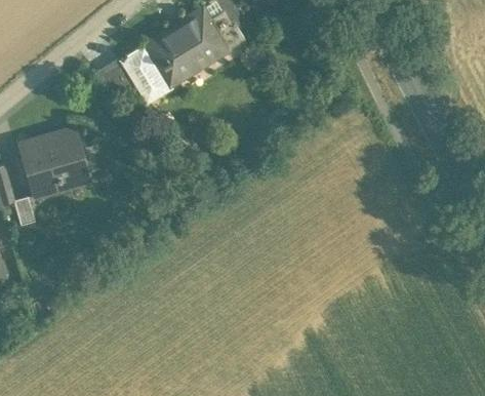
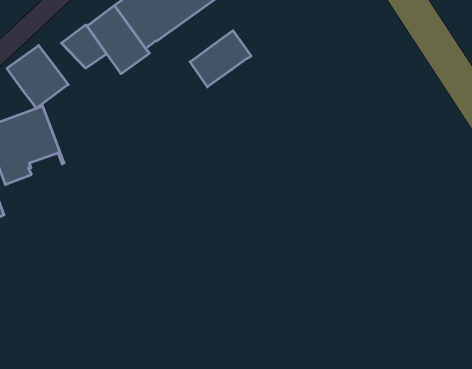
building: none -> [190,31,251,87]
building: none -> [7,45,68,109]

